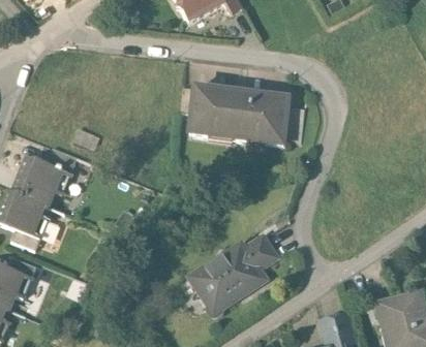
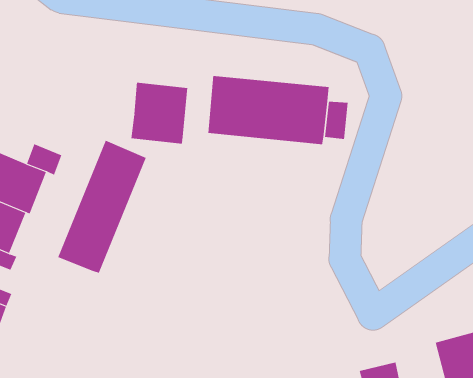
building: none -> [131,82,188,145]
building: none -> [57,140,146,274]
building: [181,241,276,329] -> none

